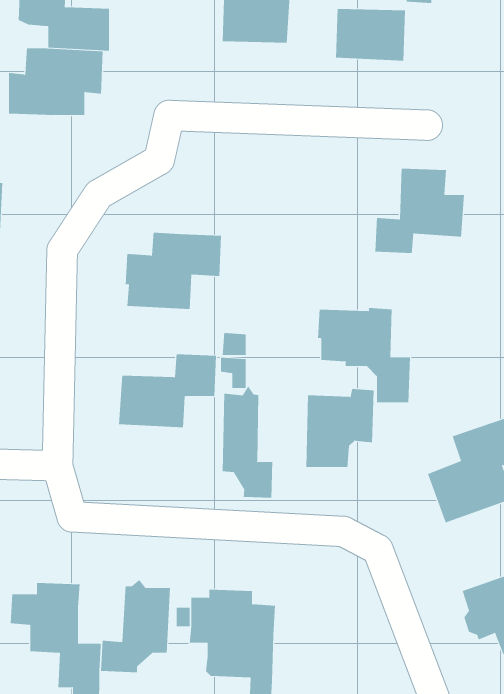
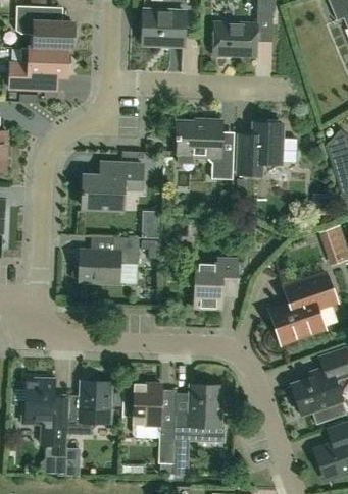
building: [317,307,411,403] -> [175,119,233,178]
building: [222,385,273,499] -> none
building: none -> [173,384,223,441]

